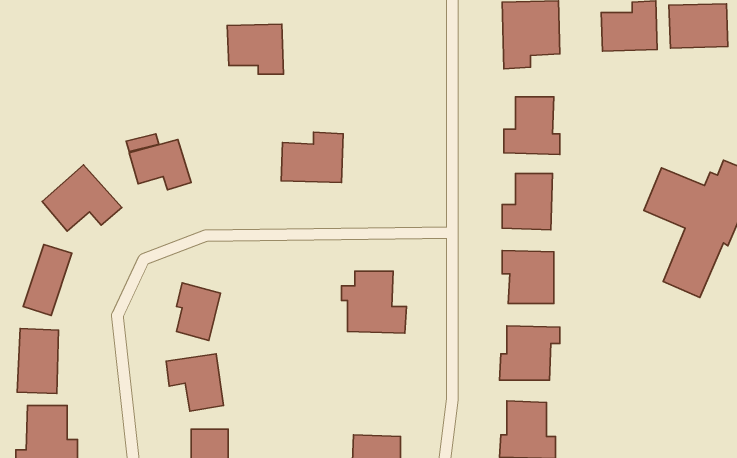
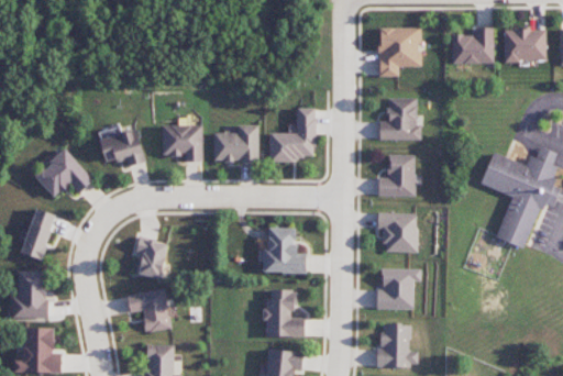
building: [227,24,283,74] -> [161,124,202,162]
building: none -> [268,108,314,161]
building: none -> [264,290,303,336]

